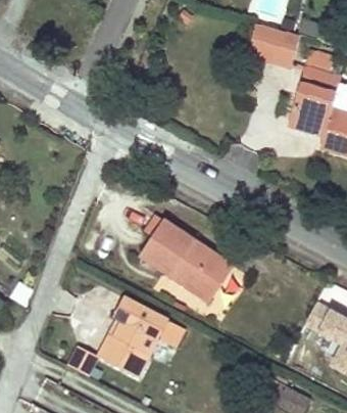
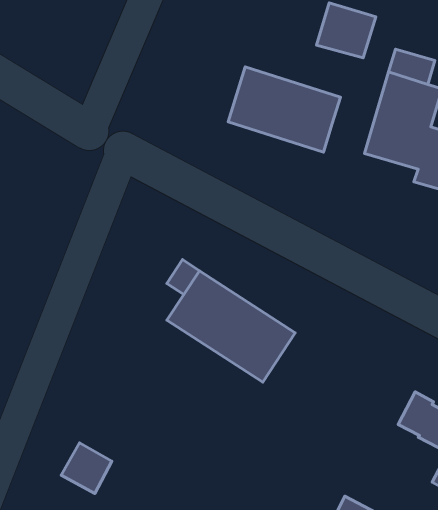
building: none -> [228,67,341,152]
building: [105,300,190,375] -> none

